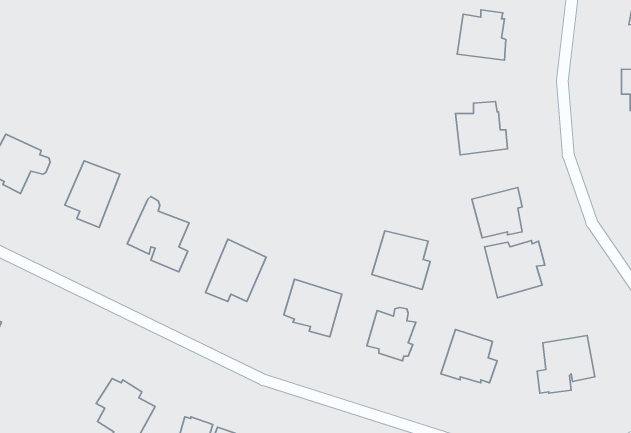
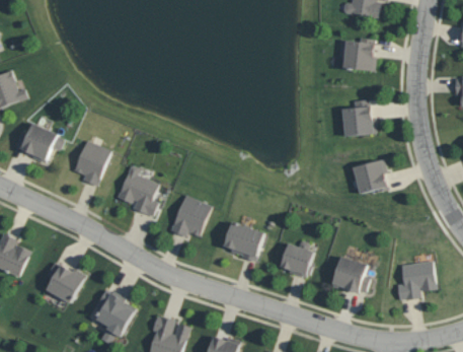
building: [372,231,430,289] -> none
building: [484,241,545,298] -> none
building: none -> [45,263,85,303]

